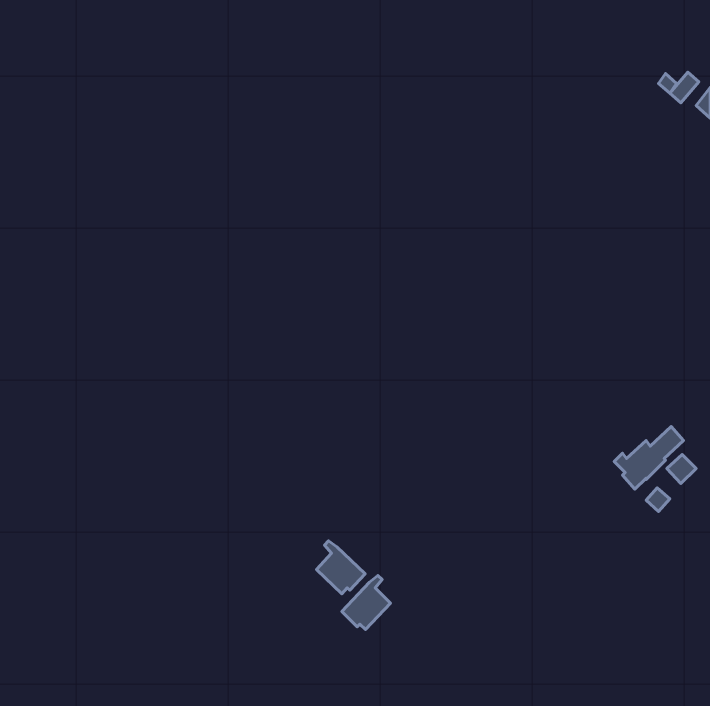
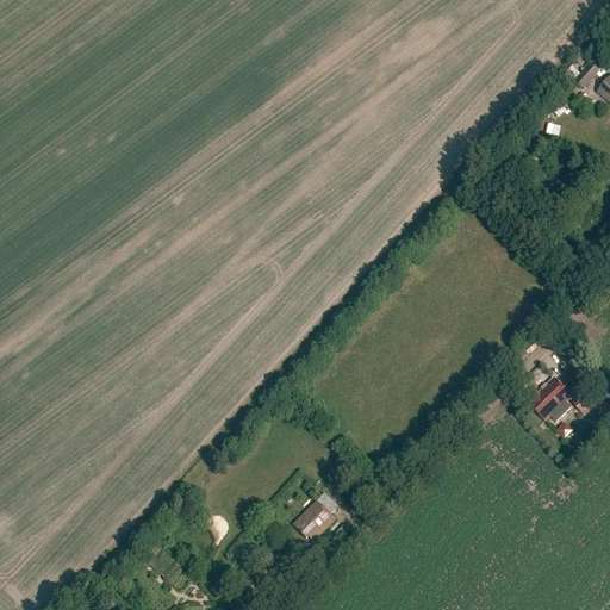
building: [316,541,365,594] -> none

